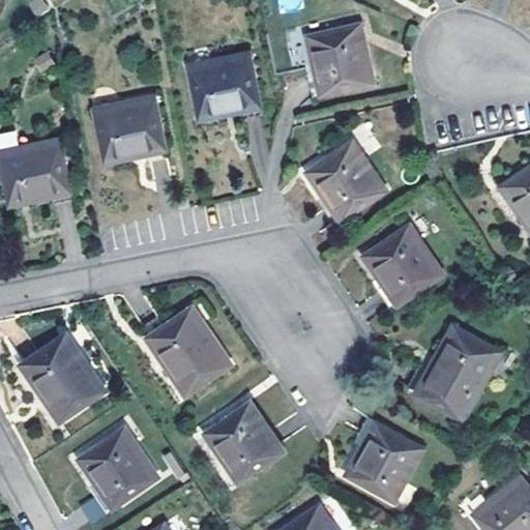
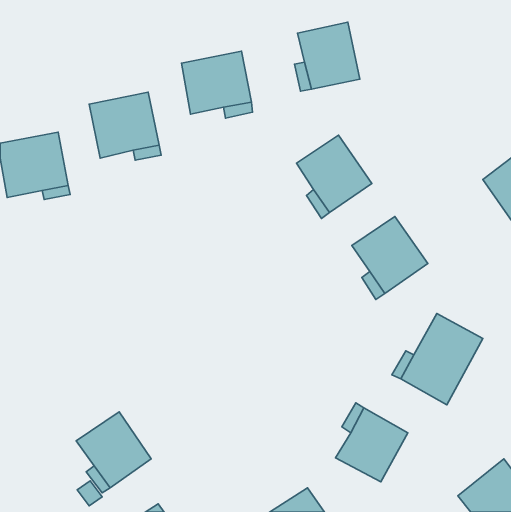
building: [147,305,230,391] -> none
building: [22,330,105,417] -> none
building: [206,402,283,479] -> none

